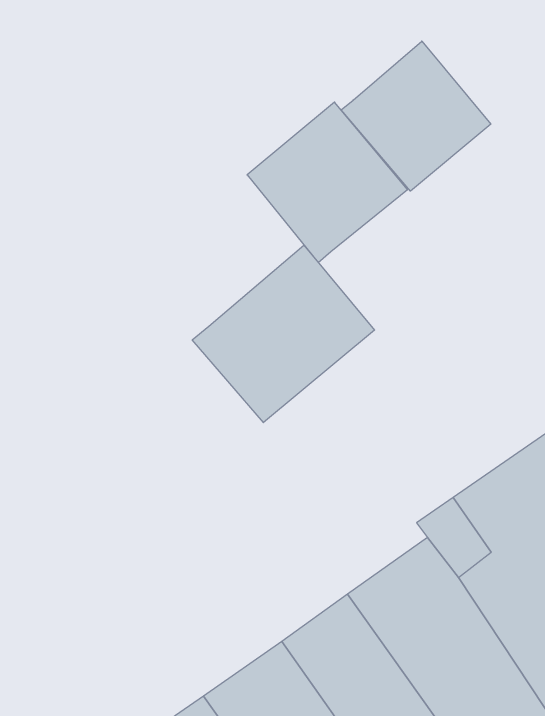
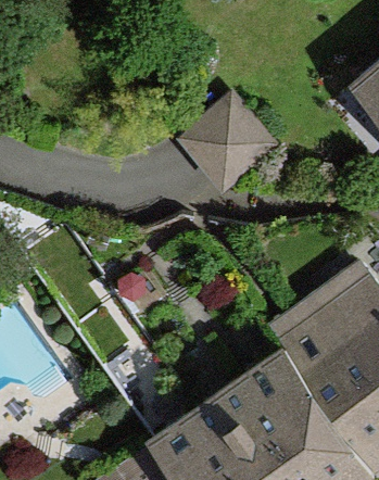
building: [341,41,491,191] -> none
building: [192,245,375,423] -> none

